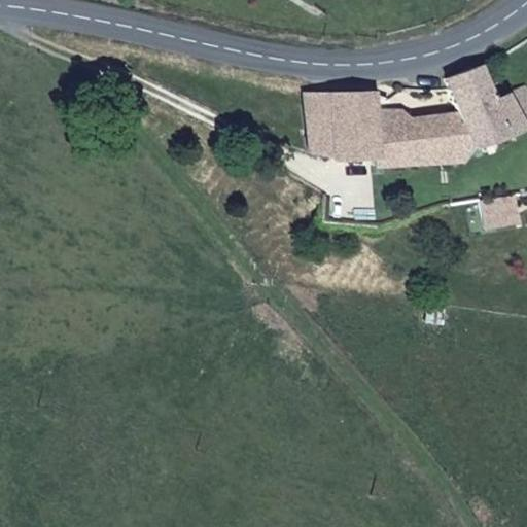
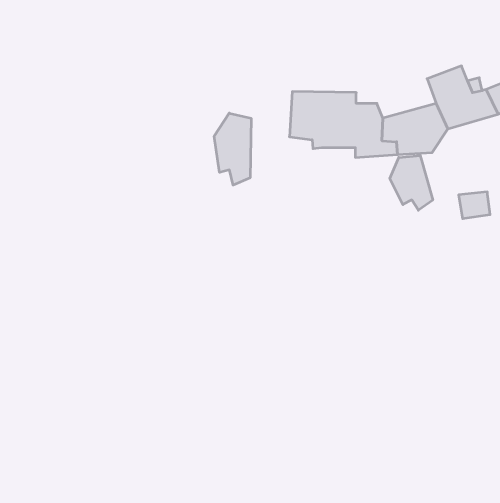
building: none -> [214,113,251,185]
building: none -> [390,155,433,210]

